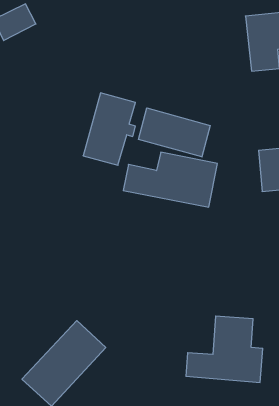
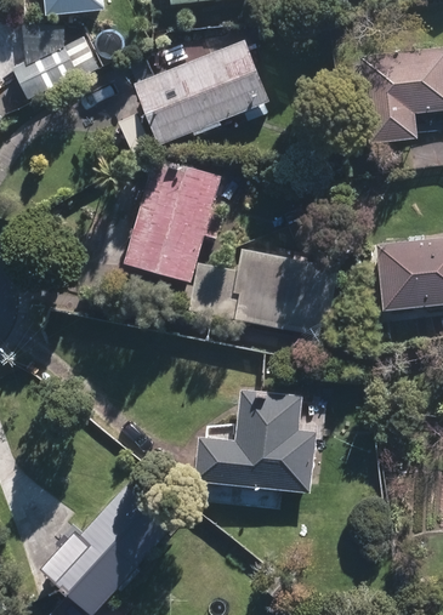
building: none -> [140,47,262,141]
building: [139,108,210,157] -> none
building: [186,316,263,382] -> [203,394,309,486]

